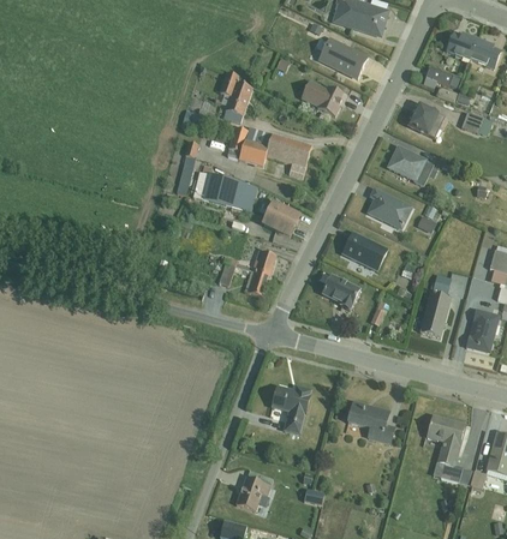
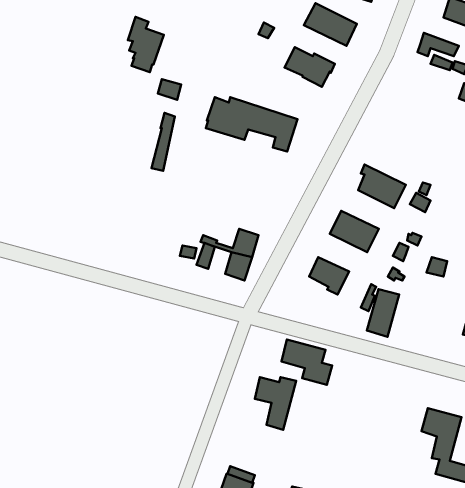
building: [219,71,252,122] -> [128,17,164,72]
building: [407,103,445,138] -> none
building: [388,146,433,186] -> none
building: [190,164,257,212] -> none
building: [260,200,300,238] -> none
building: [419,293,449,337] -> [367,289,399,337]
building: [347,402,394,444] -> [282,340,332,385]

